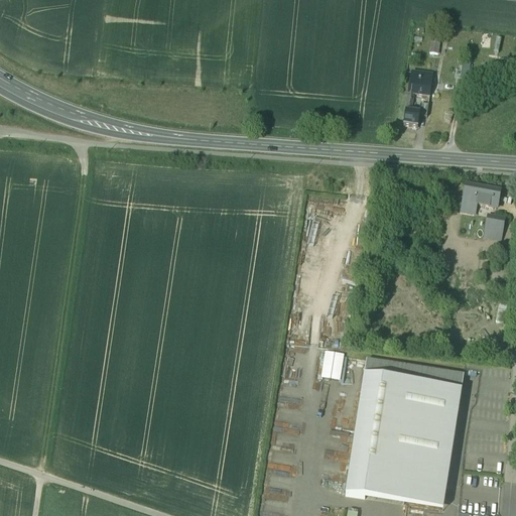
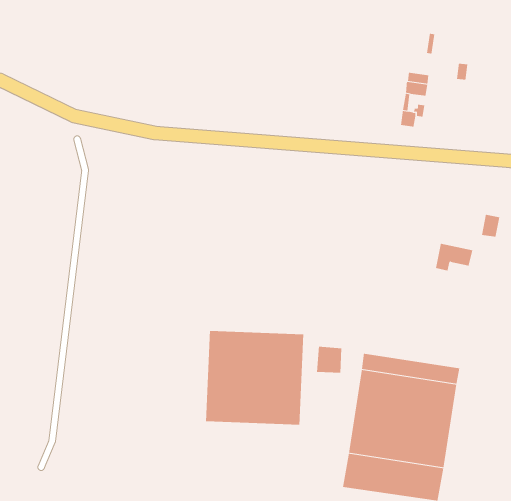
building: [462,185,500,214] -> [435,243,473,271]
building: none -> [206,330,304,426]

